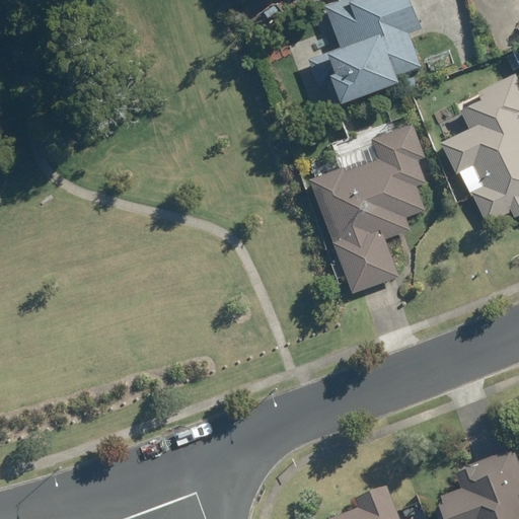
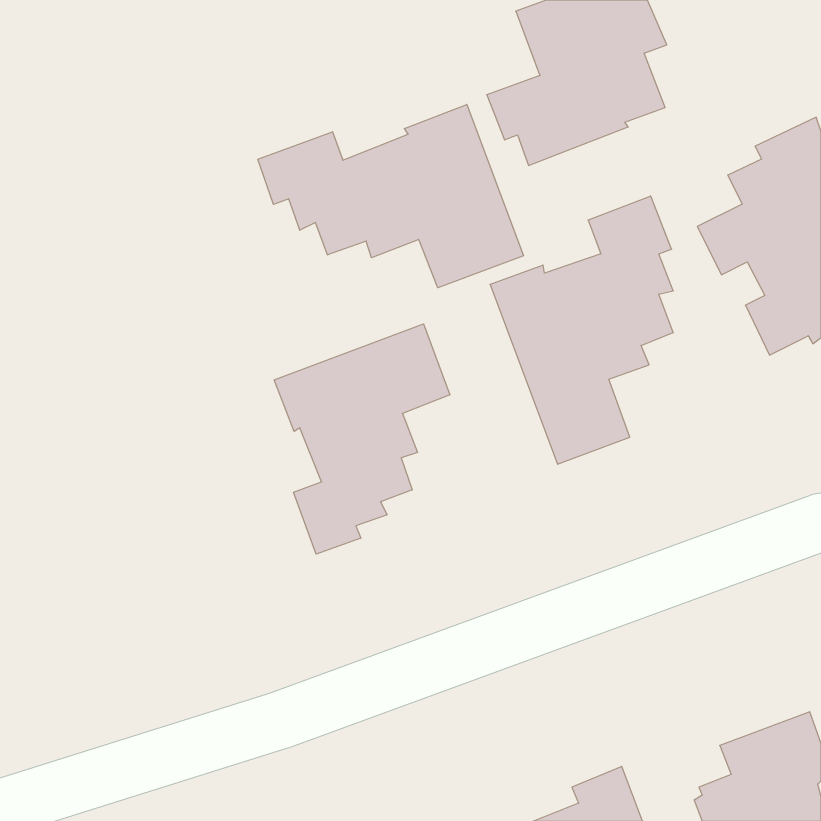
building: none -> [258,104,524,288]
building: none -> [274,324,450,554]

